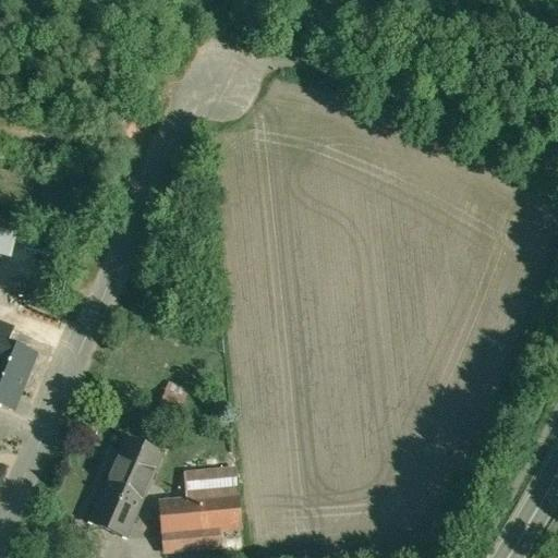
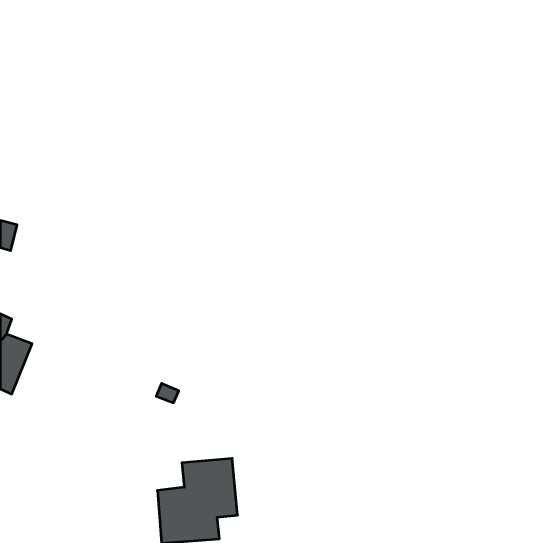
building: [89,433,162,535] -> none

